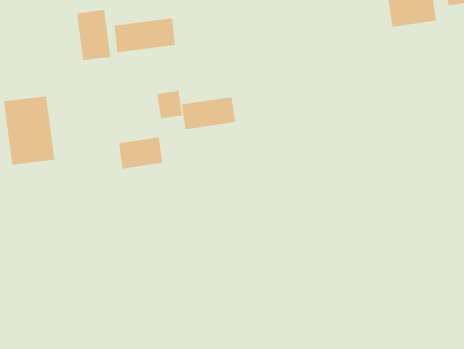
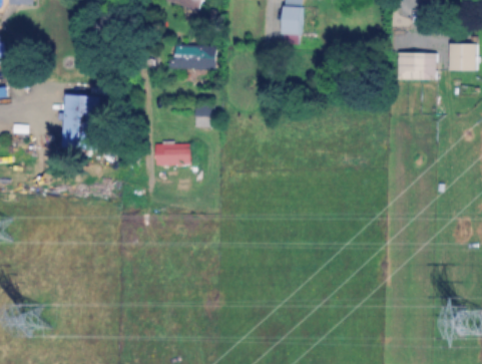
building: [77,9,111,61] -> none
building: [181,96,236,130] -> none

